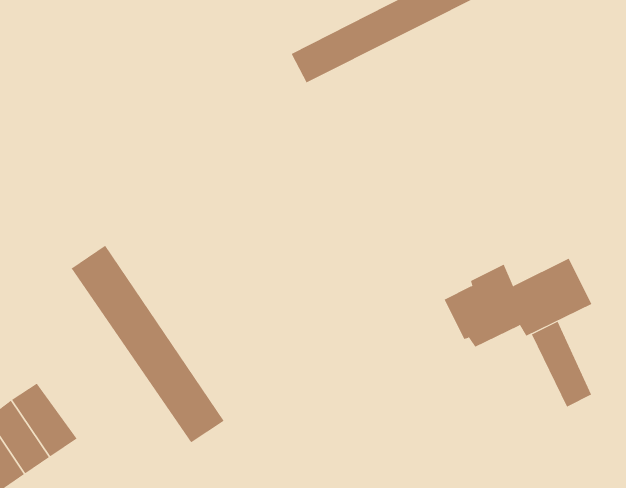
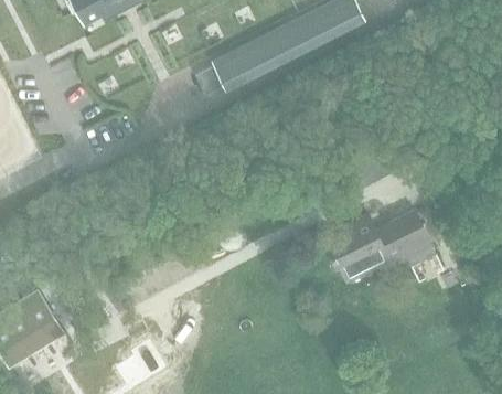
building: [71,245,225,443] -> none
building: [531,321,592,408] -> none

